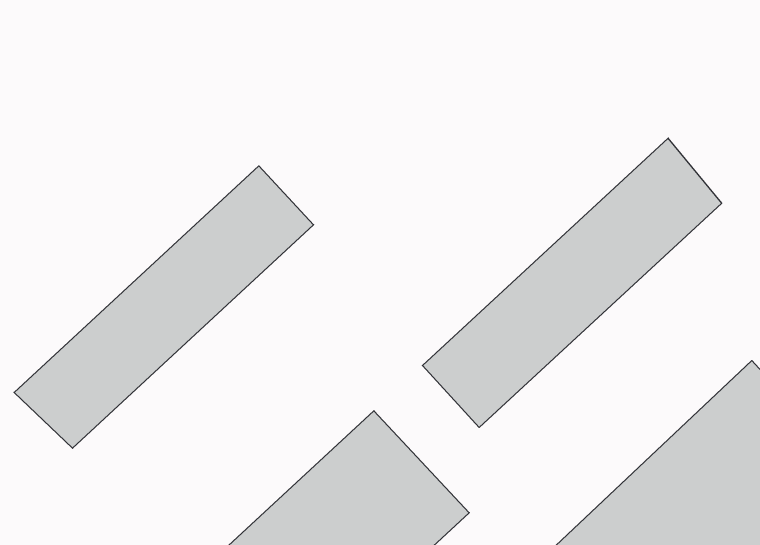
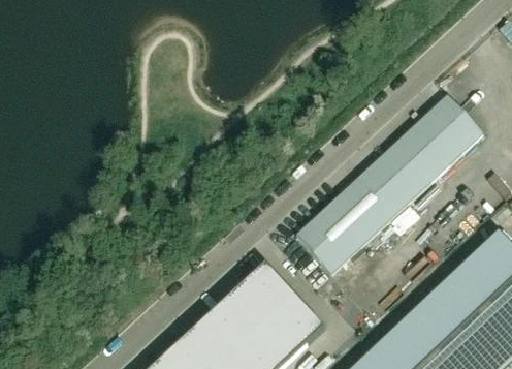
building: [14,166,314,448] -> none

